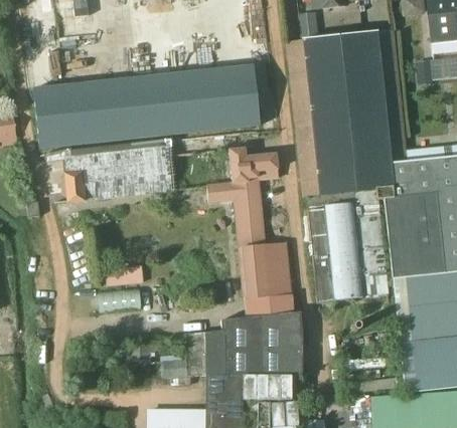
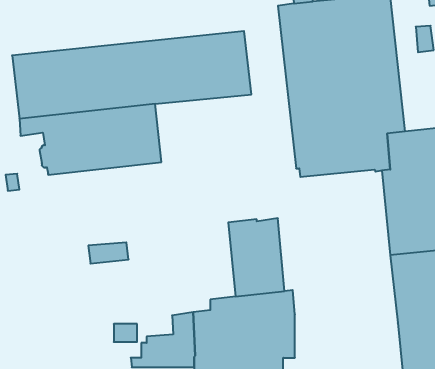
building: [208,147,279,246] -> none
building: [307,196,389,300] -> none
building: [99,287,141,309] -> none

